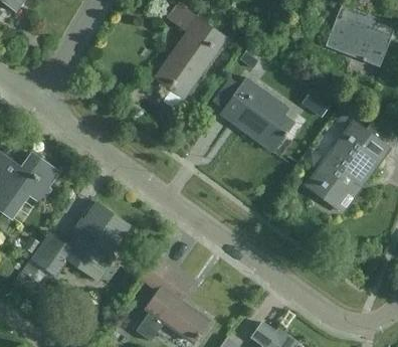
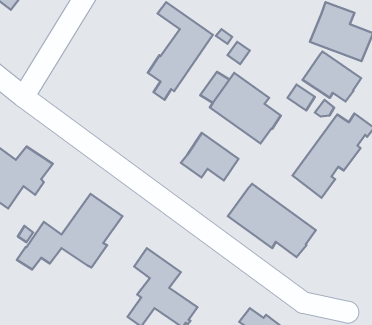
building: none -> [303,52,361,101]
building: none -> [181,133,238,180]
building: none -> [228,184,316,257]

